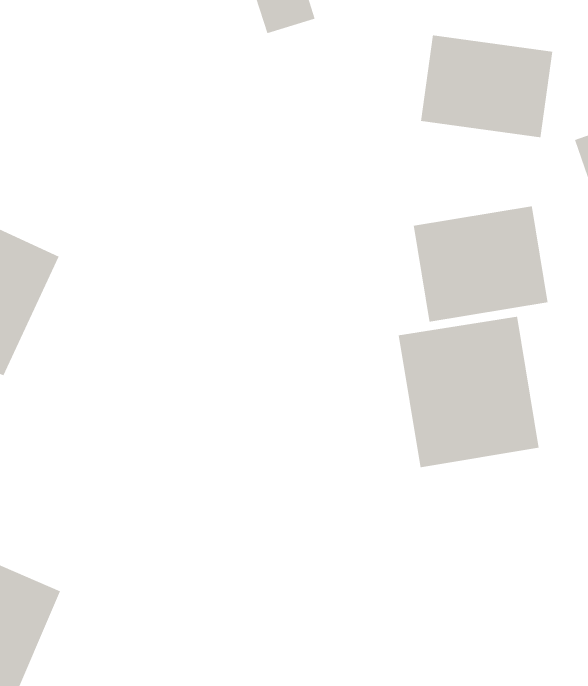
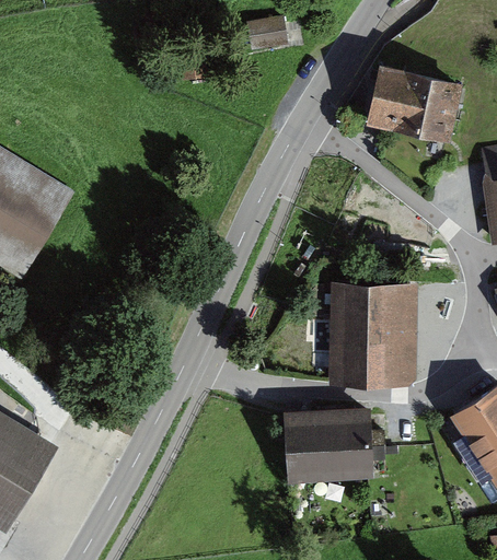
building: [413,206,548,322] -> none
building: none -> [282,422,373,482]

